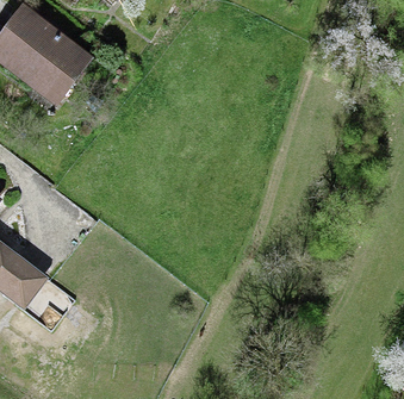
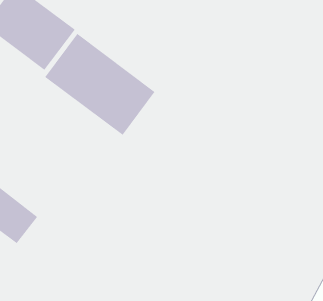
building: none -> [44,33,156,136]

